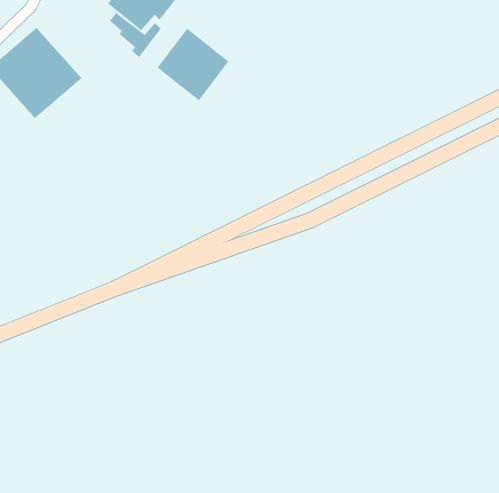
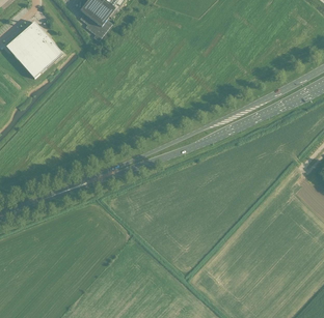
building: [157,28,229,101] -> none

